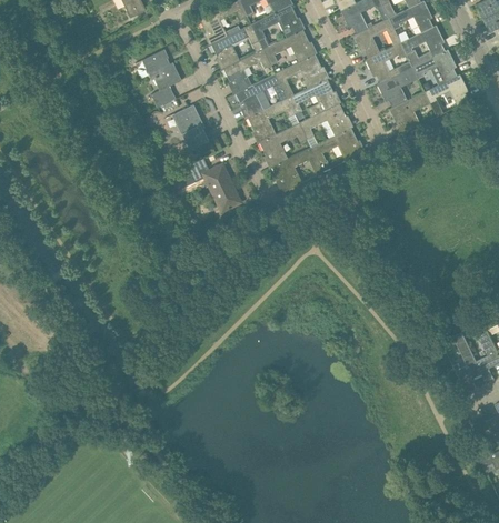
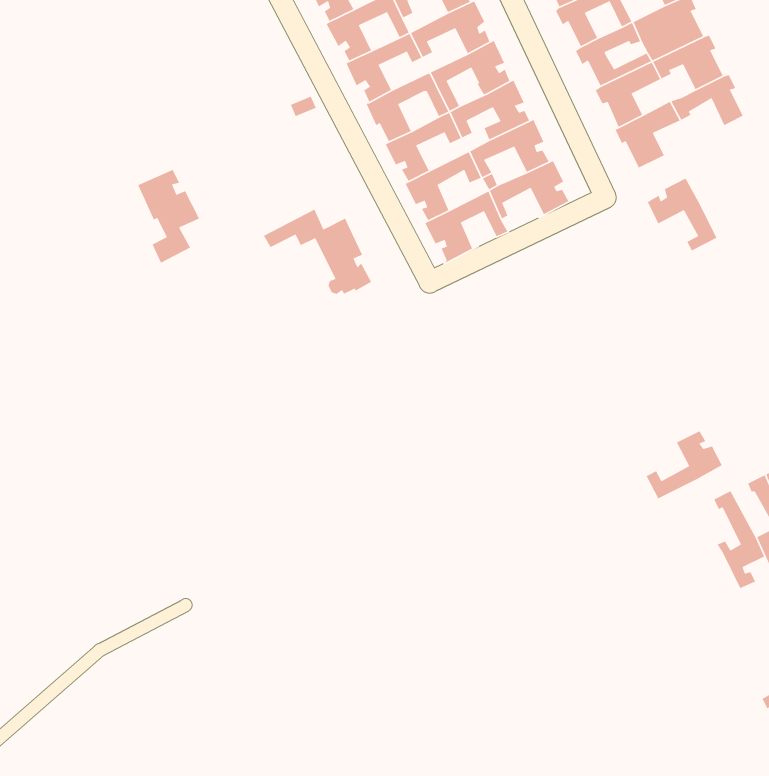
building: [143,49,182,108] -> [137,169,200,264]
building: [174,104,210,150] -> none
building: none -> [647,177,717,252]
building: none -> [646,430,723,499]

